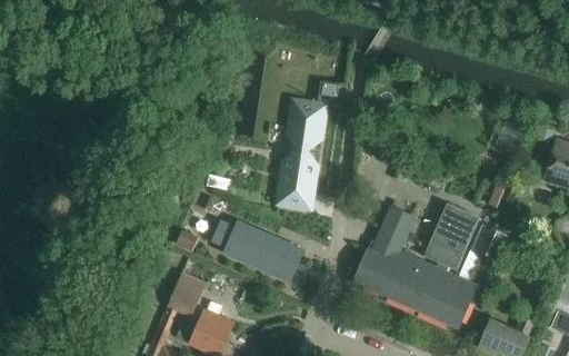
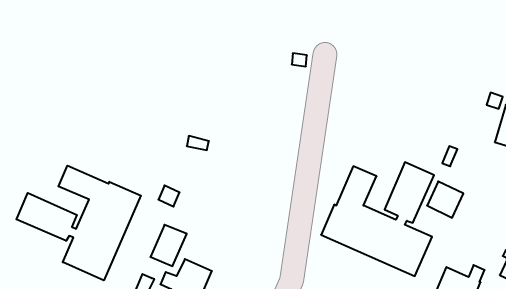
building: [277,99,327,209] -> none
building: none -> [16,166,141,280]
building: [211,220,303,280] -> none

